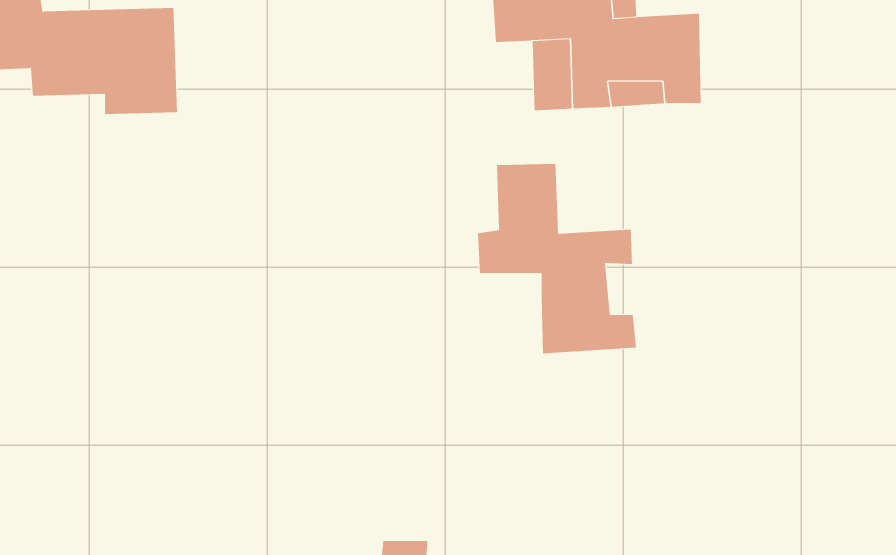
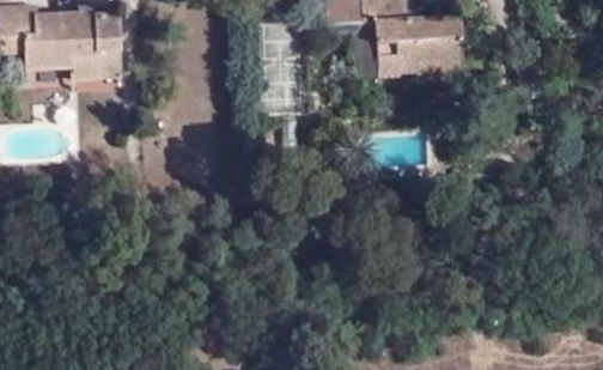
building: [478,163,636,354] -> none

